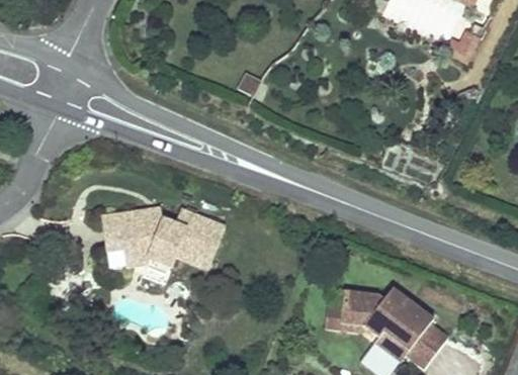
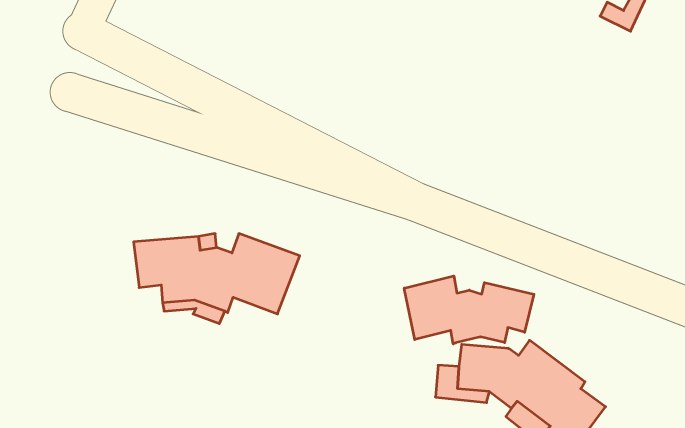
building: none -> [404,276,534,344]

